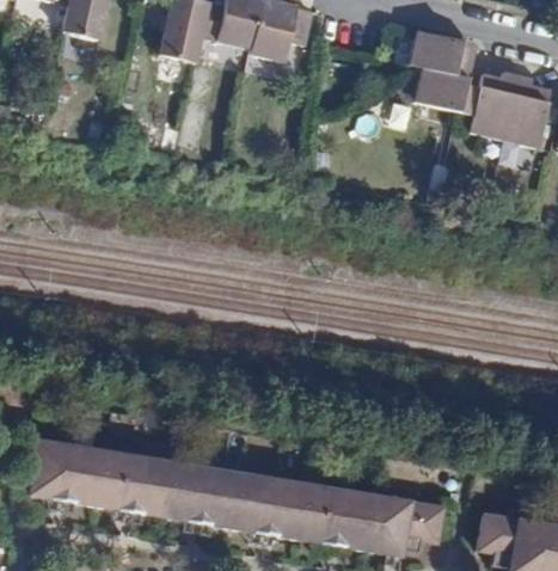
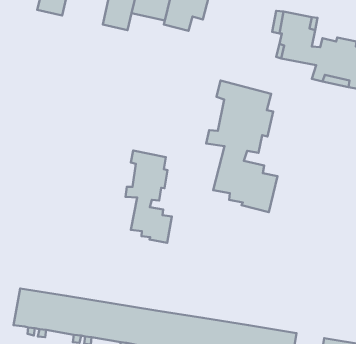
building: none -> [206,81,277,212]
building: none -> [125,151,172,243]

